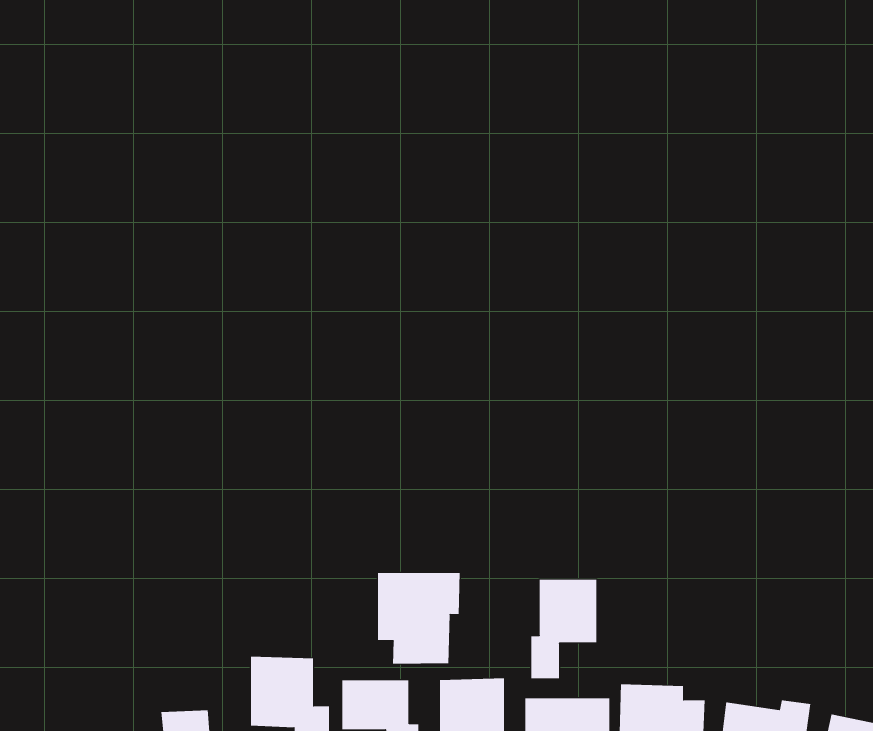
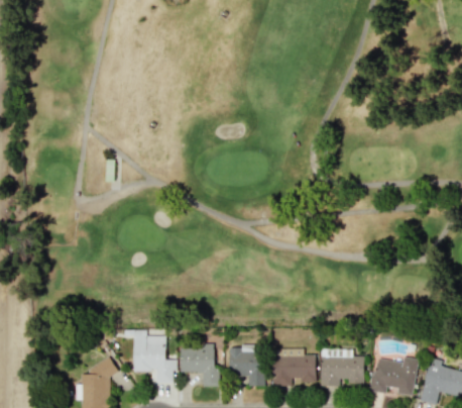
building: [377,572,460,664] -> none
building: [531,579,597,679] -> none

